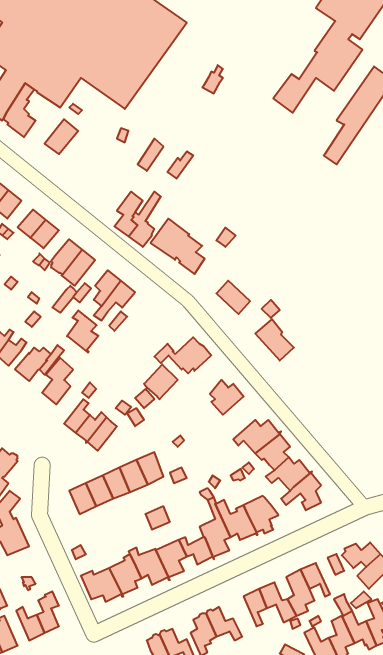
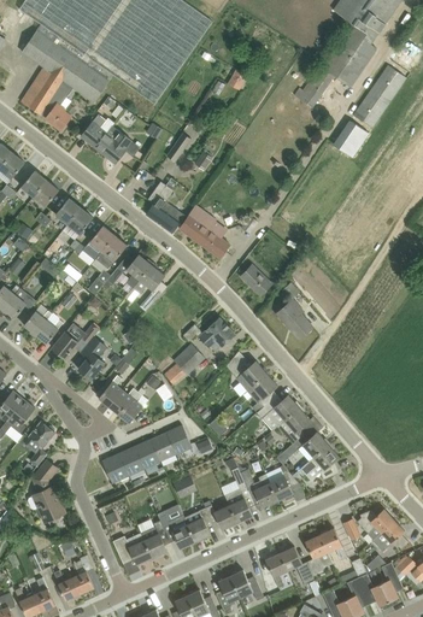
building: none -> [93,130,140,163]
building: [67,310,98,353] -> none
building: none -> [246,371,276,412]

